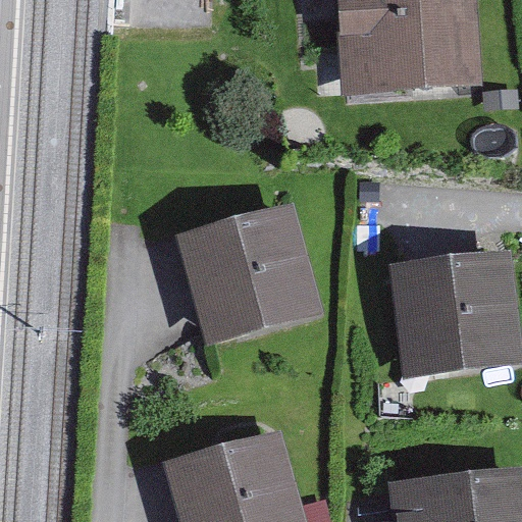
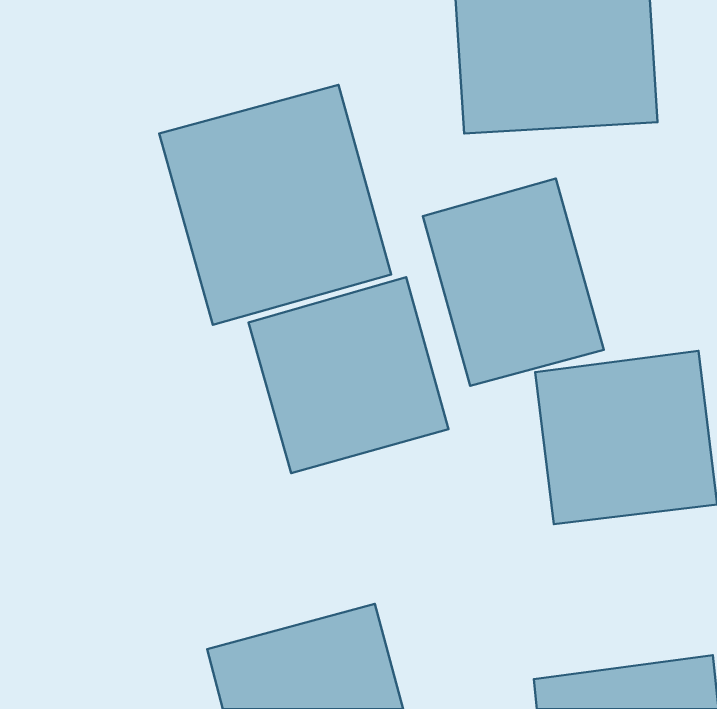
building: none -> [159,85,391,325]
building: none -> [423,179,604,386]

